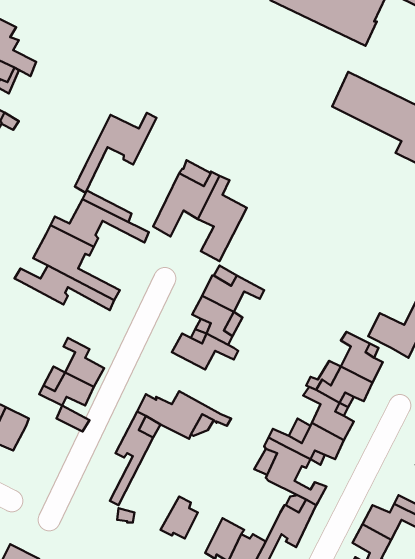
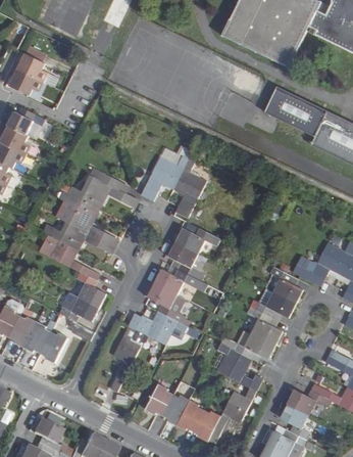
building: [75,113,157,193] -> none
building: none -> [37,233,99,281]
building: none -> [147,283,181,321]
building: none -> [41,330,67,363]
building: none -> [162,396,189,425]

